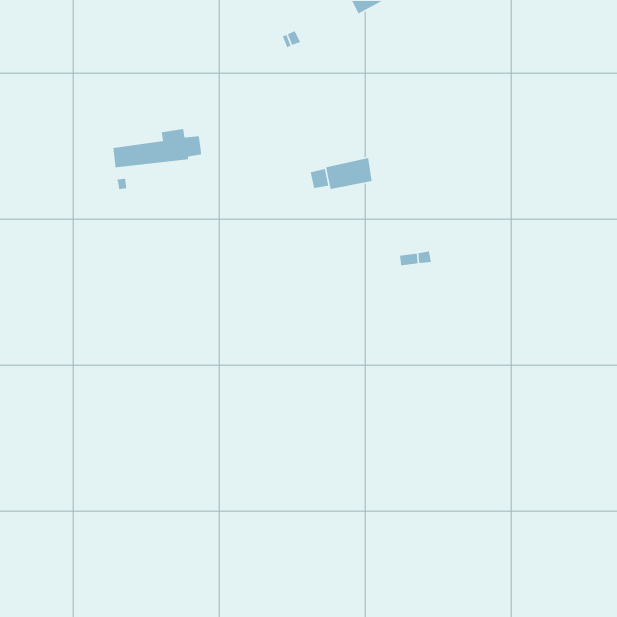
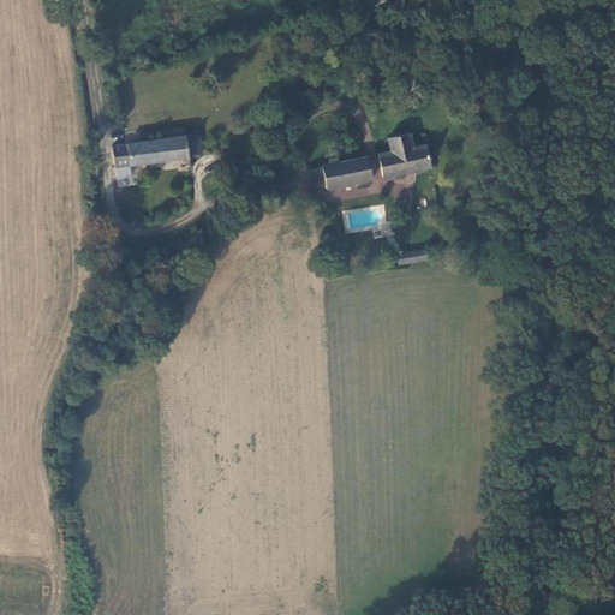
building: none -> [380,135,431,179]

